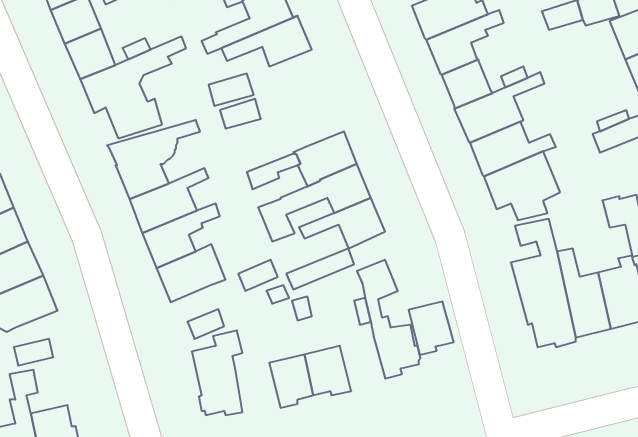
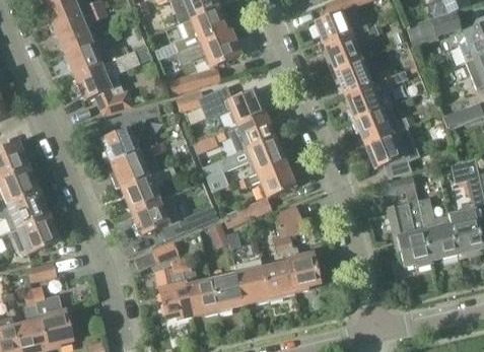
building: none -> [203,88,265,124]
building: [409,301,454,355] -> [262,261,294,299]
building: none -> [187,279,219,314]

